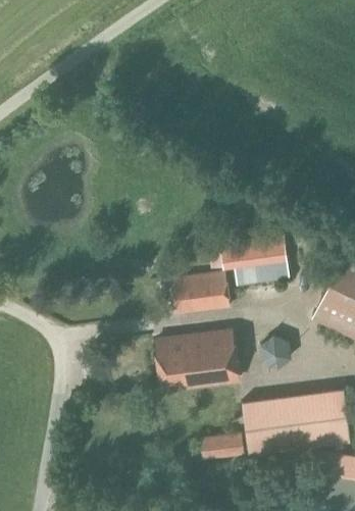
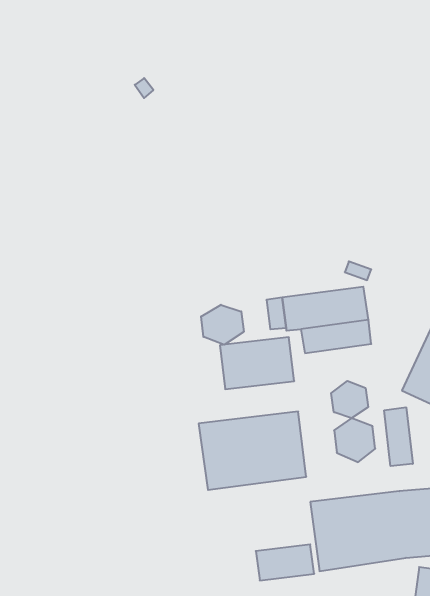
building: none -> [201,305,244,345]
building: none -> [331,381,368,418]
building: none -> [384,407,413,466]

